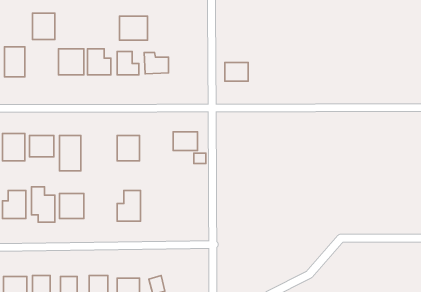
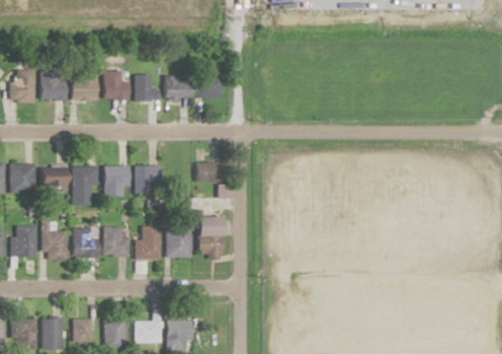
building: [33,13,55,39] -> [41,71,65,99]
building: [120,16,147,40] -> none
building: [225,63,248,81] -> [197,77,223,97]
building: none -> [103,165,128,196]
building: none -> [197,216,223,258]
building: none -> [167,217,192,257]
building: none -> [105,226,130,256]

